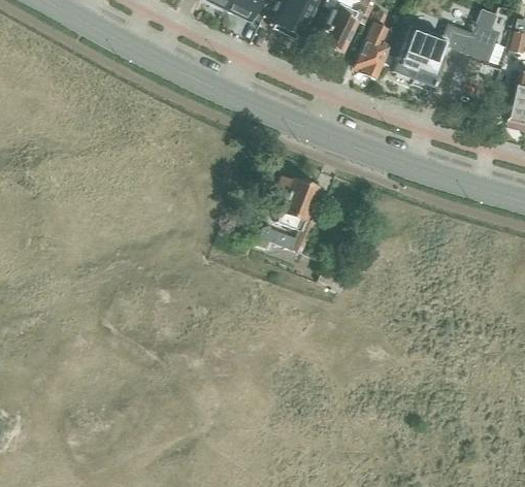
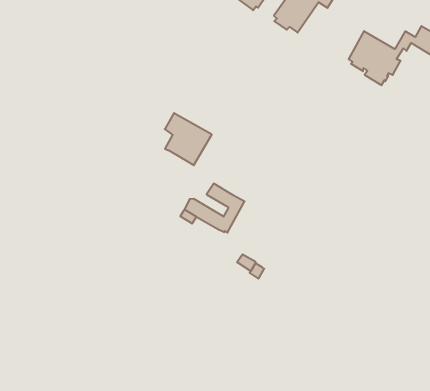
building: [355,21,395,77] -> none
building: [276,171,322,218] -> [165,113,212,165]

